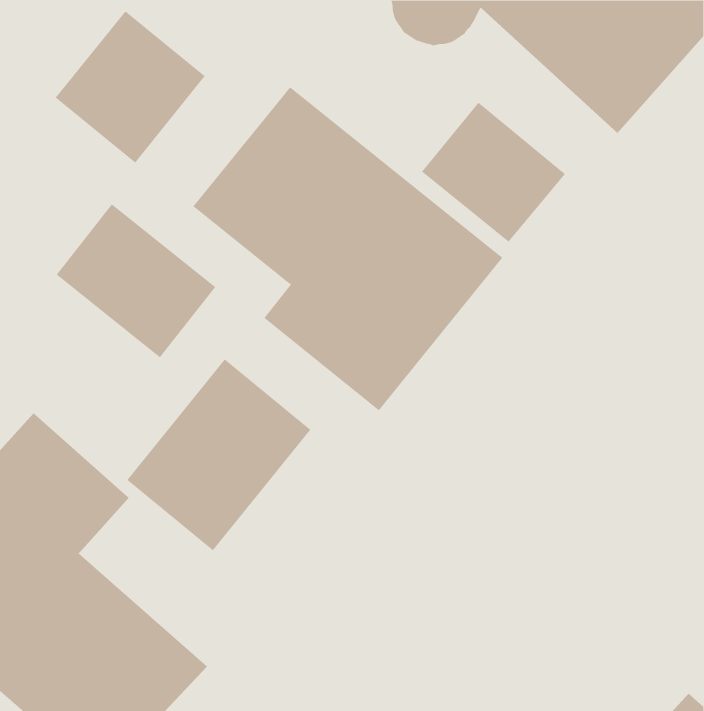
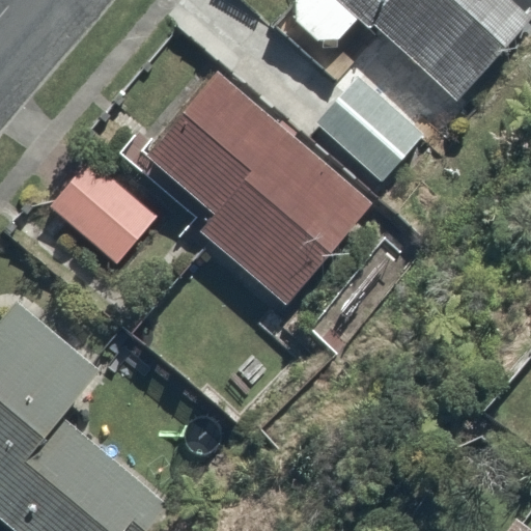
building: [55,10,206,163] -> none
building: [127,358,311,551] -> none

